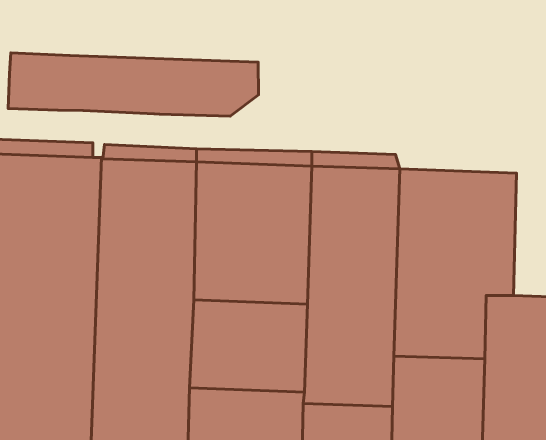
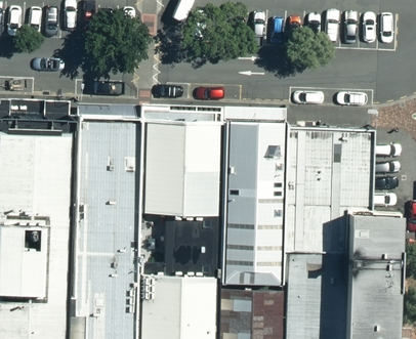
building: [8,53,259,116] -> none

